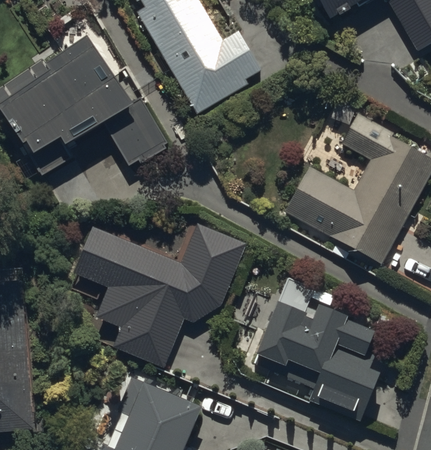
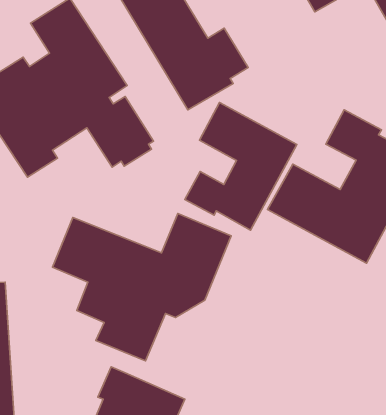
building: none -> [185,102,297,230]
building: [253,294,376,409] -> none

